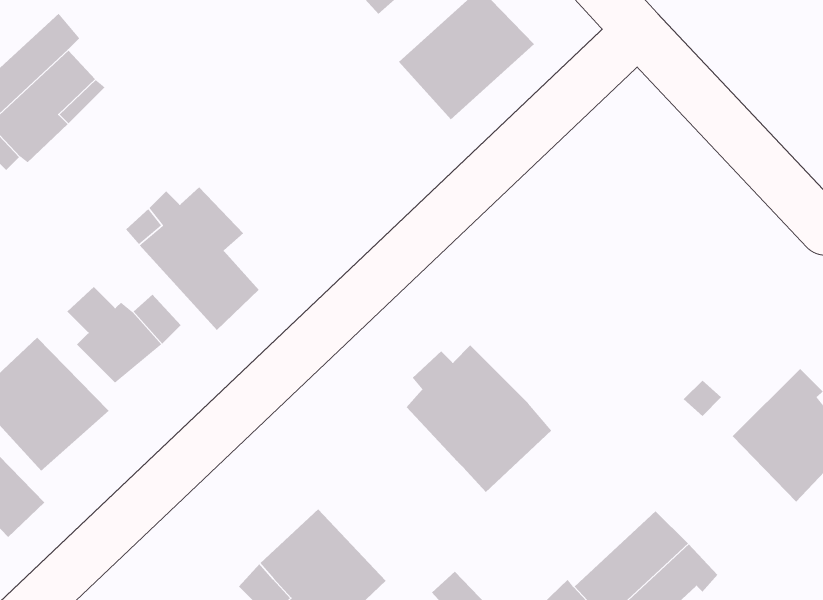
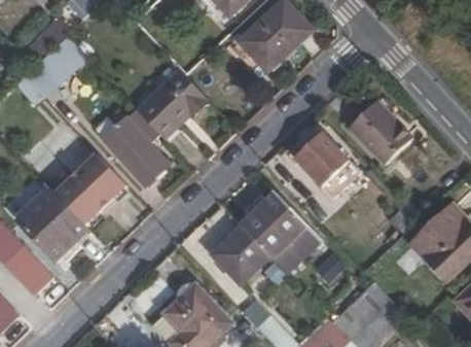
building: none -> [135,70,211,145]
building: none -> [350,99,412,162]
building: none -> [299,135,358,196]
building: none -> [213,227,270,284]

